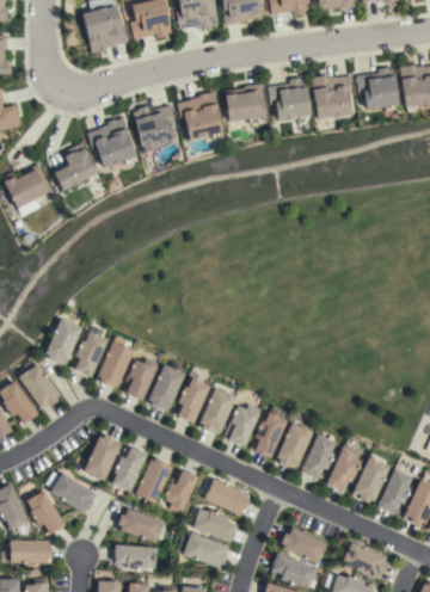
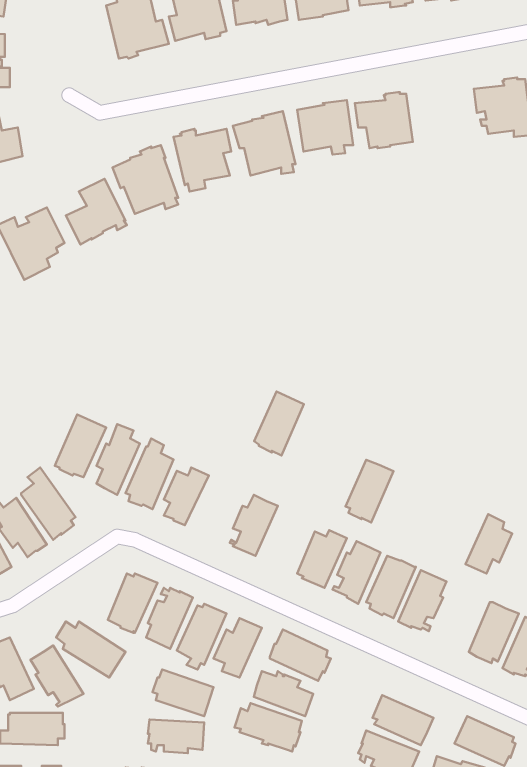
building: [312,74,354,118] -> none
building: [147,364,184,412] -> [254,391,304,456]
building: [199,388,235,434] -> [345,460,394,522]
building: [326,446,361,491] -> [466,514,512,574]

